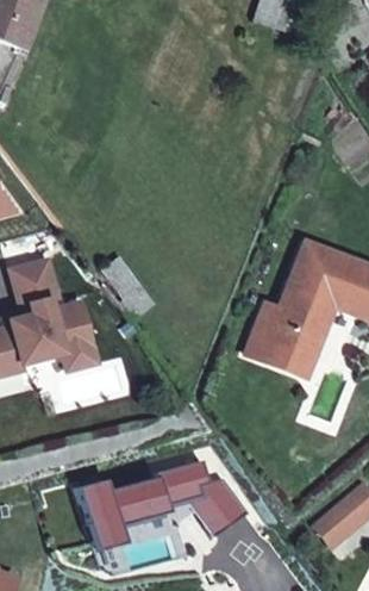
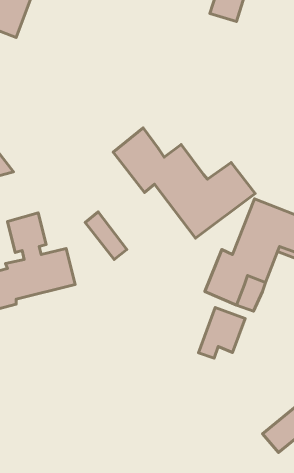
building: none -> [113,128,255,238]
building: none -> [199,307,245,358]
building: [76,459,249,550] -> none

